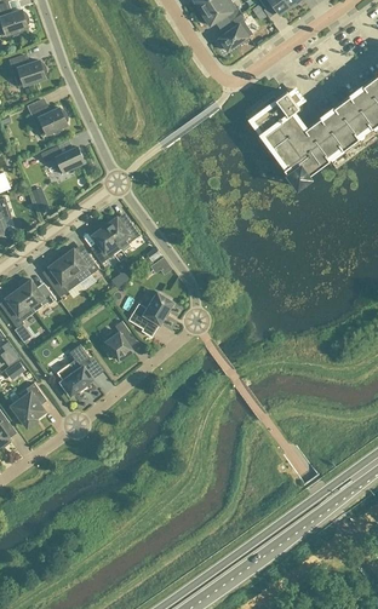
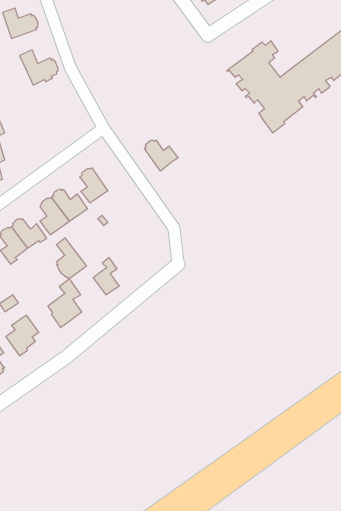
building: [39,145,84,173] -> none
building: [103,217,139,249] -> [144,140,178,171]
building: [128,292,172,327] -> none
building: none -> [56,238,86,279]

